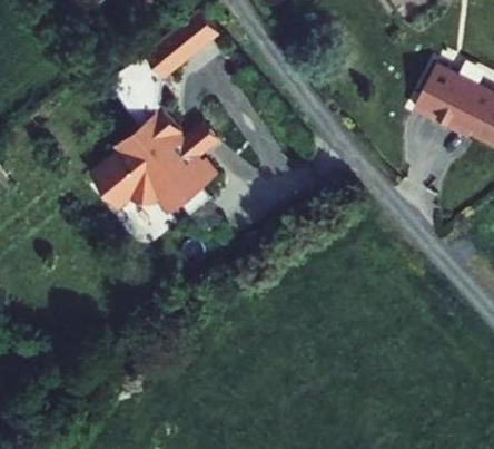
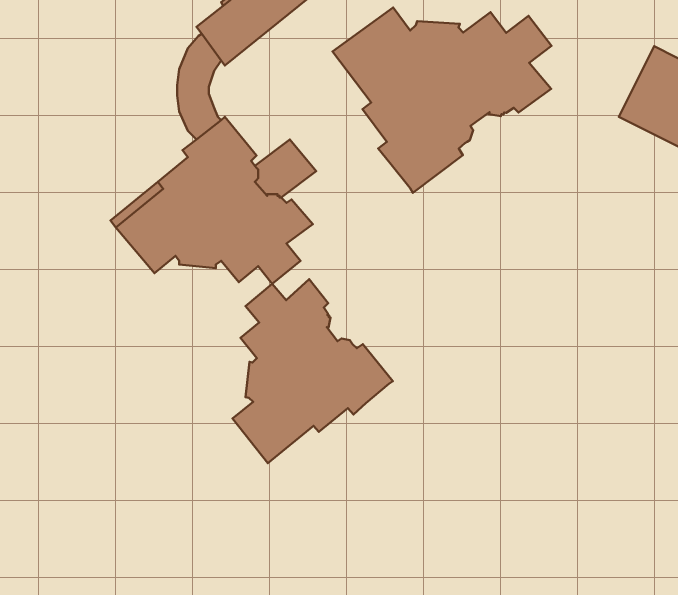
building: none -> [333,7,551,193]
building: none -> [232,279,393,463]

